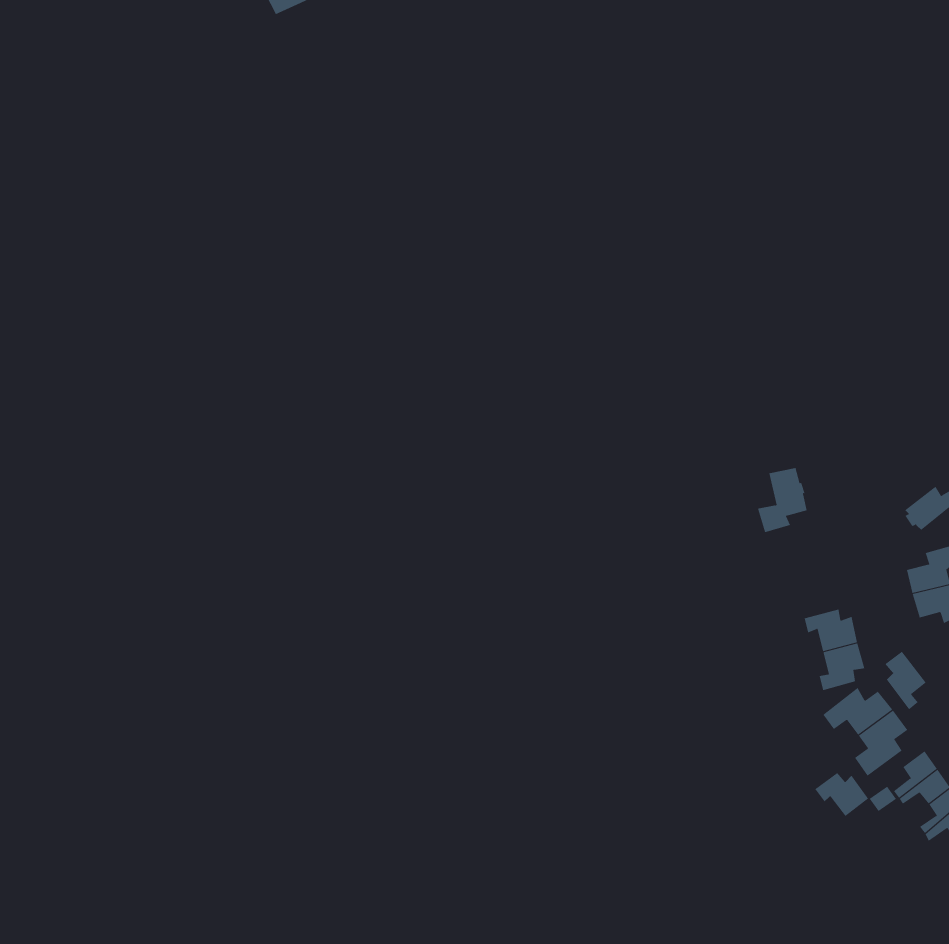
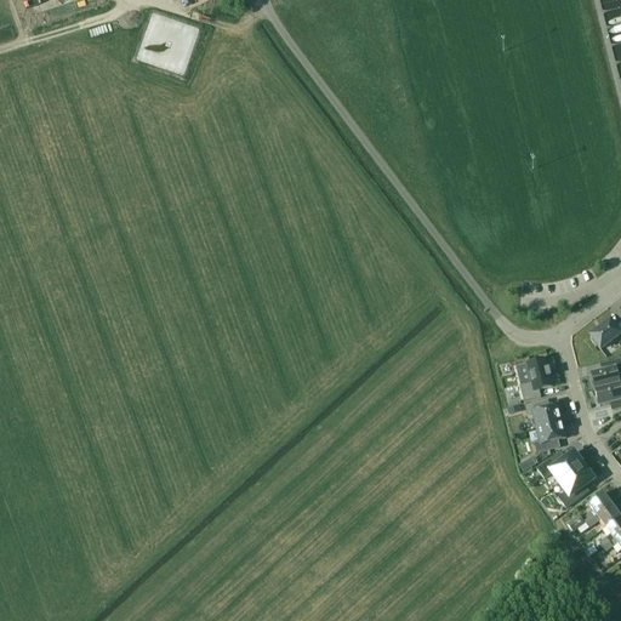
building: [757,468,807,533] -> [520,355,553,398]
building: [884,651,926,710] -> none
building: [814,772,869,817] -> none

